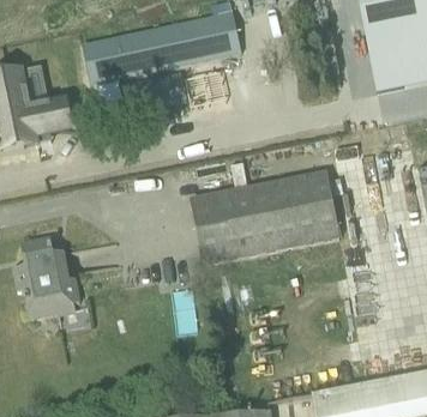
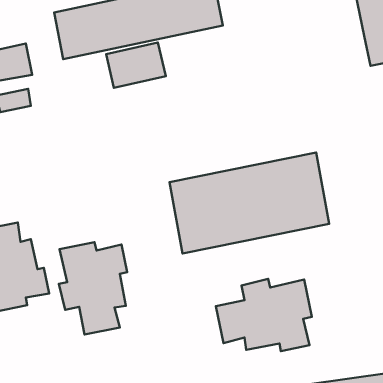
building: none -> [59,242,127,335]
building: none -> [216,279,312,351]

